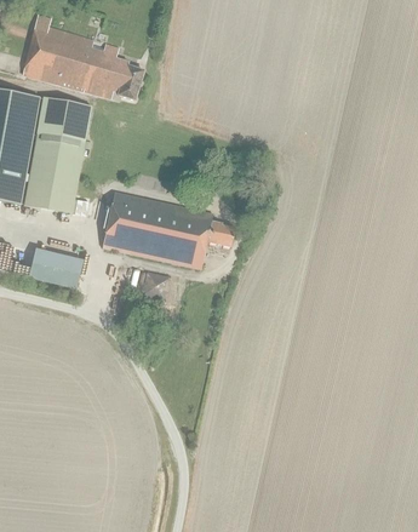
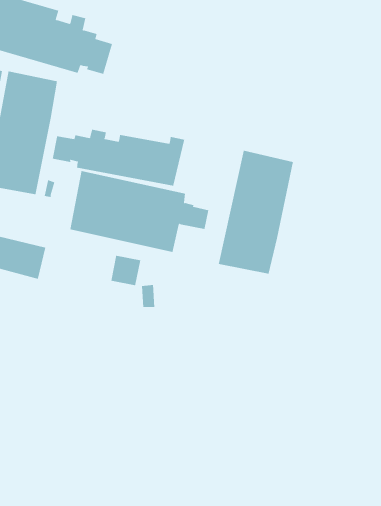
building: none -> [52,129,185,186]
building: none -> [218,150,294,275]

